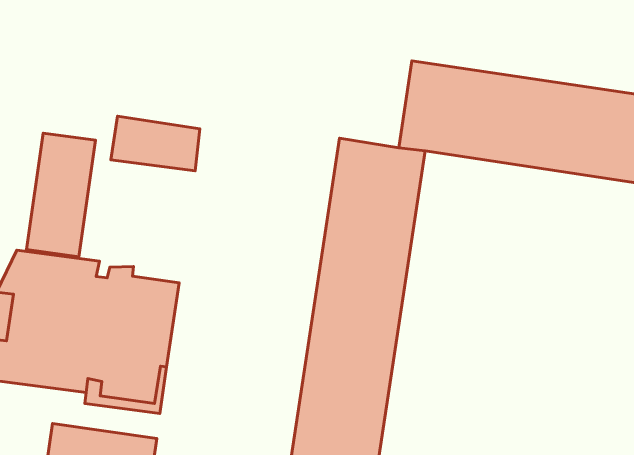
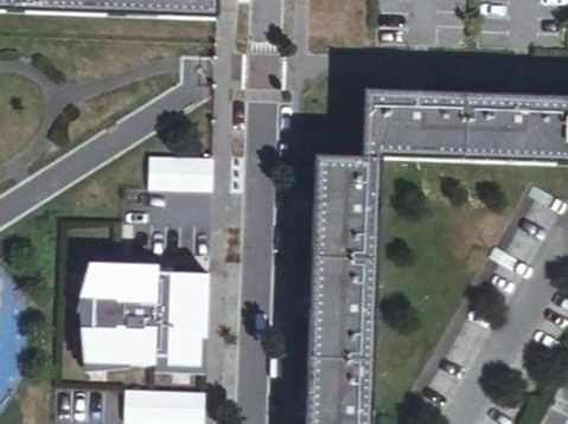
building: [26,133,95,257] -> none

